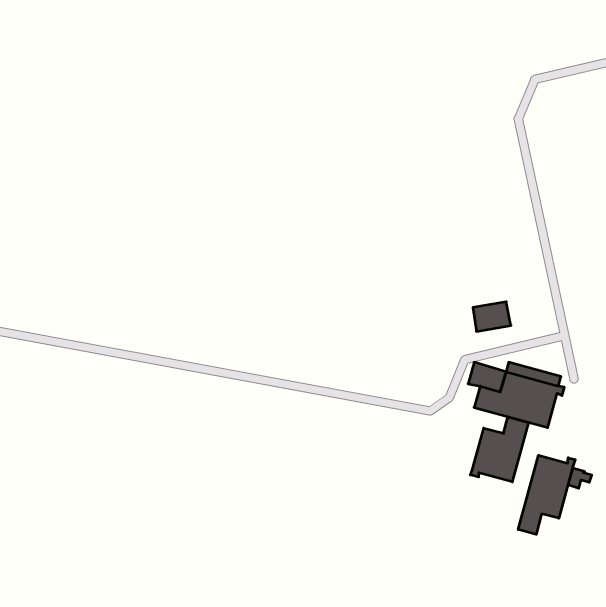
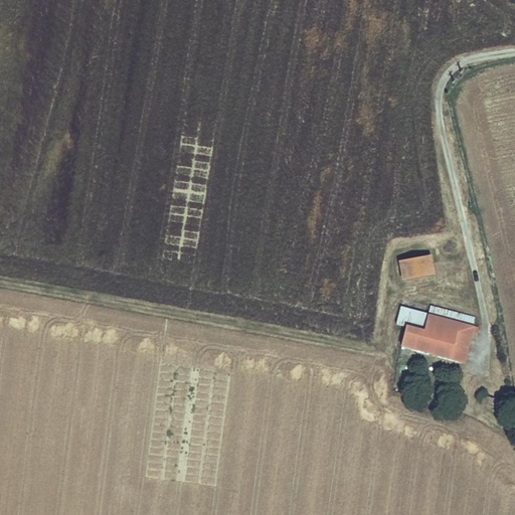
building: [470,417,529,482] -> none
building: [518,455,575,534] -> none

